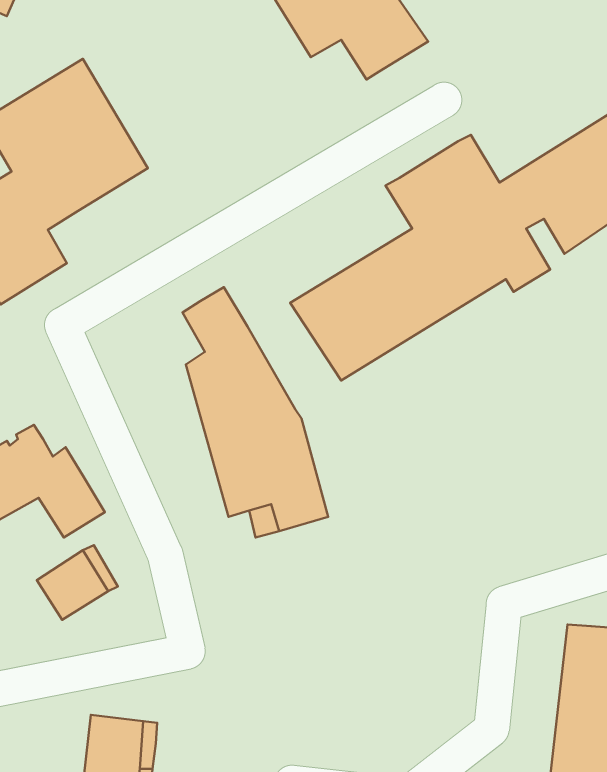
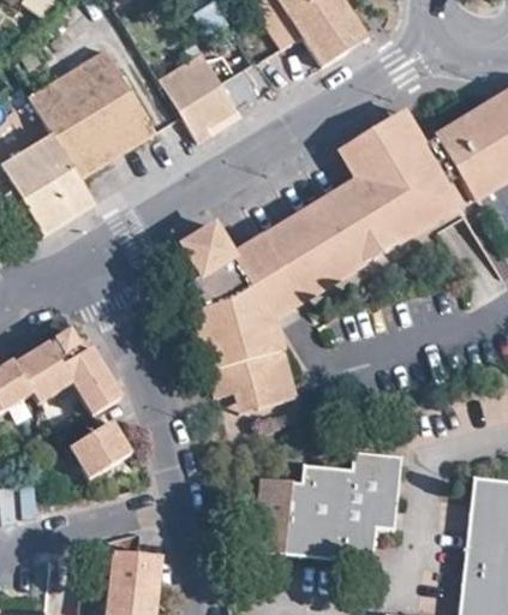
building: none -> [159,52,268,142]
building: none -> [231,234,301,315]
building: none -> [257,452,400,561]

